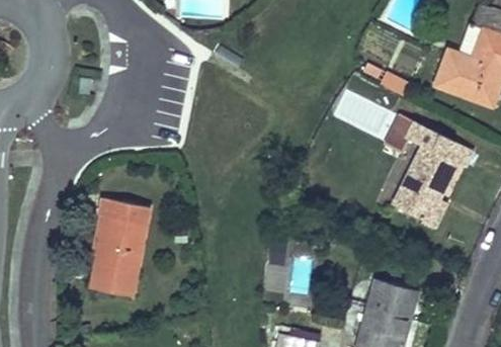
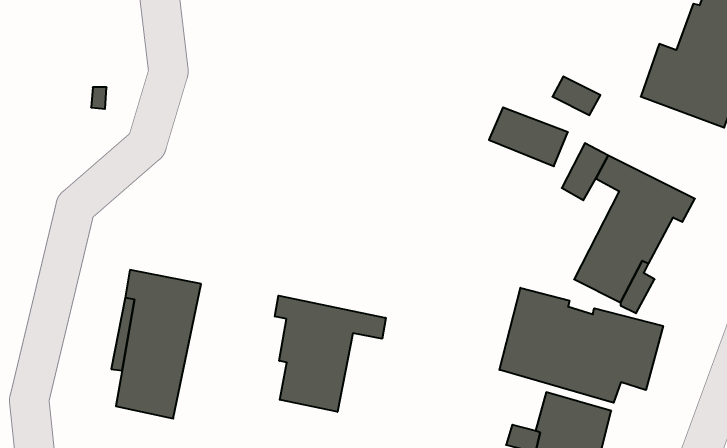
building: none -> [499,288,663,403]
building: none -> [275,296,386,412]

